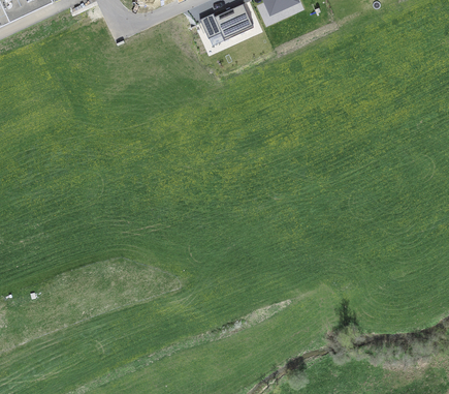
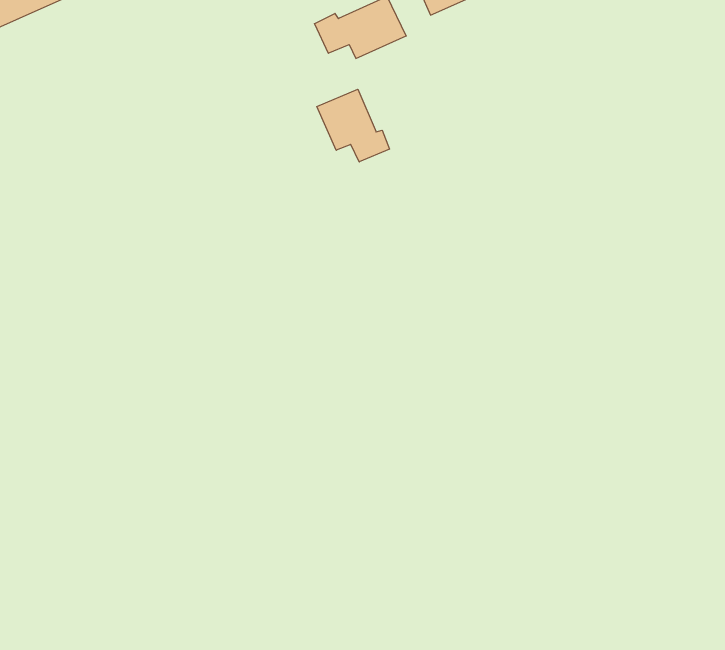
building: none -> [317,89,389,162]

